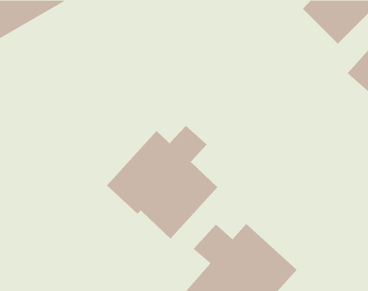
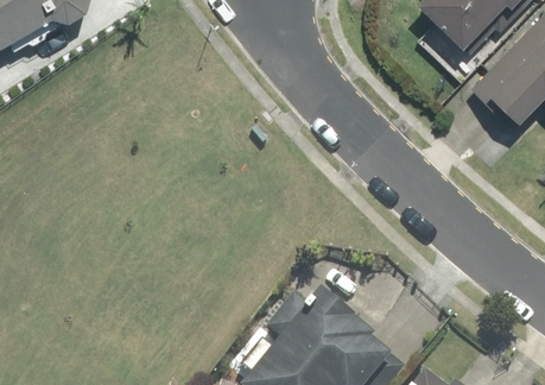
building: [106,125,218,240] -> none

